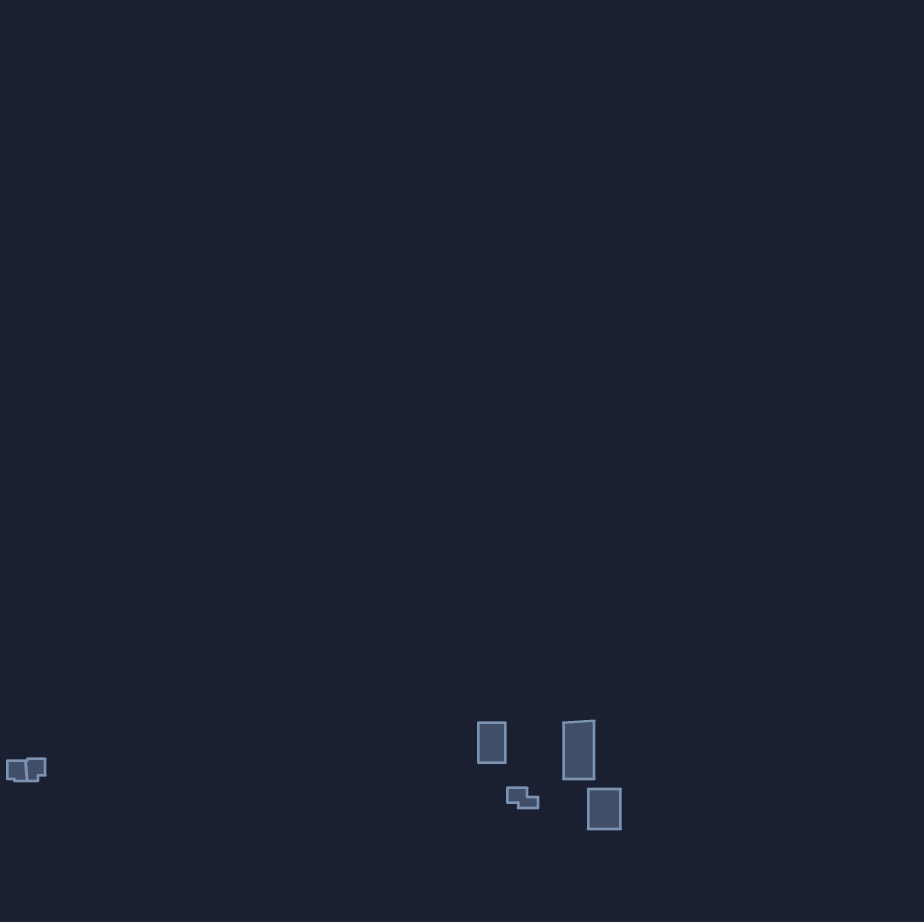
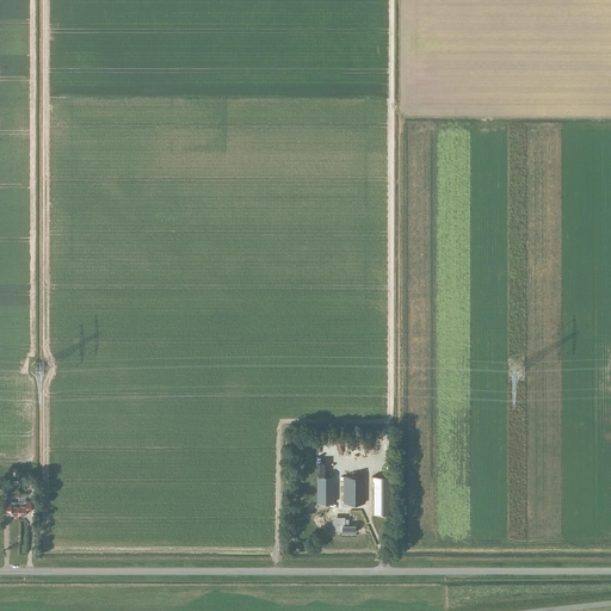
building: [588,789,621,829] -> [342,479,364,505]

